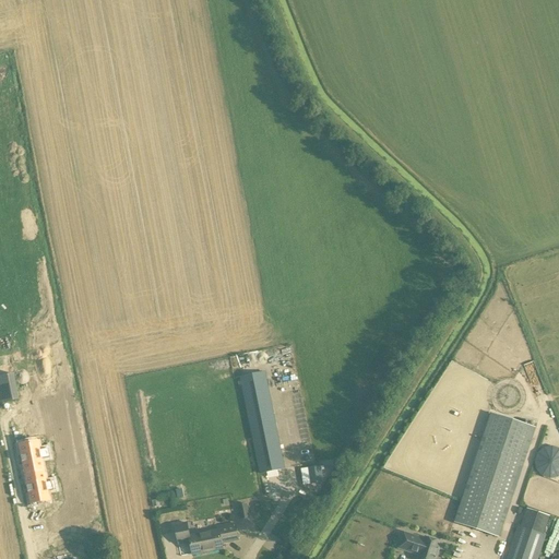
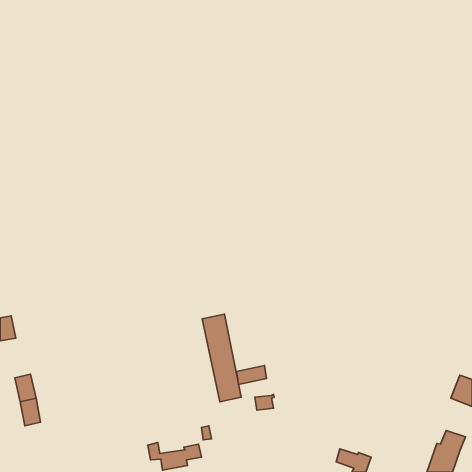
building: [453,412,534,535] -> none
building: none -> [237,366,266,384]

